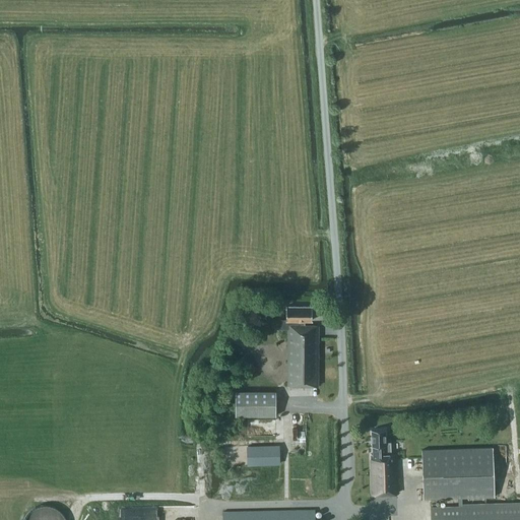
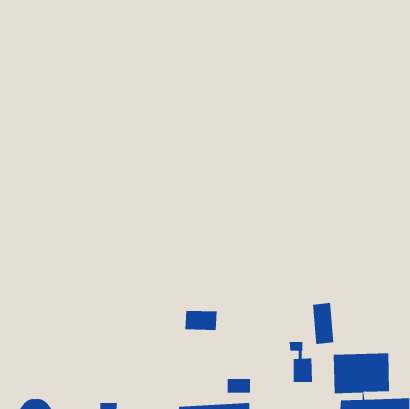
building: [286,307,320,390] -> none
building: none -> [313,302,334,345]
building: [247,446,277,464] -> [227,379,251,393]

